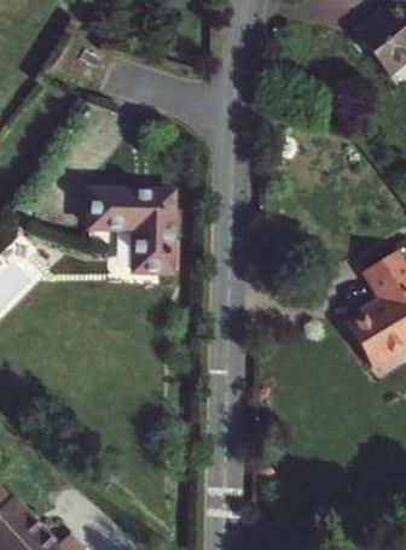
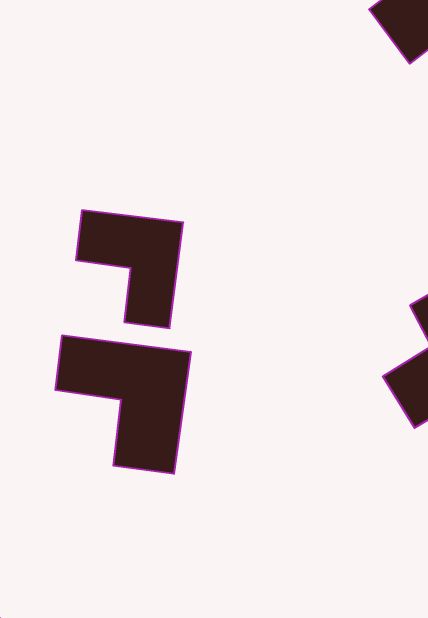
building: none -> [55,335,191,474]

